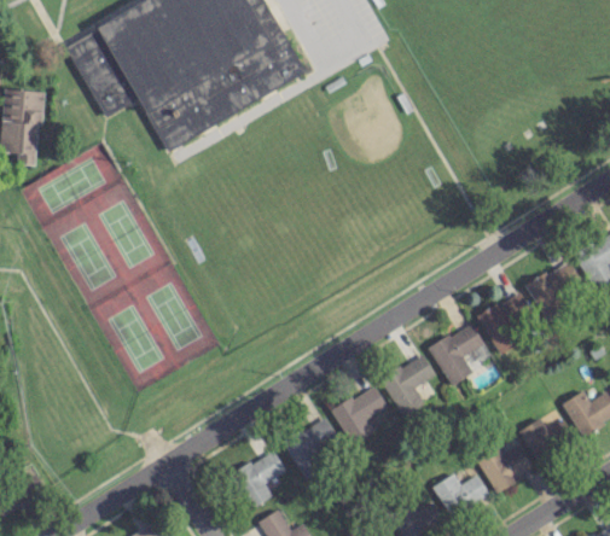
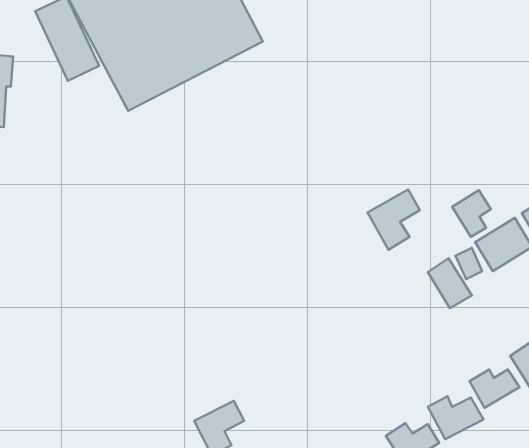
building: none -> [452,190,491,237]
building: [429,322,483,385] -> [368,189,420,250]
building: [380,355,435,416] -> none
building: [331,385,387,443] -> none
building: [283,415,339,477] -> none

